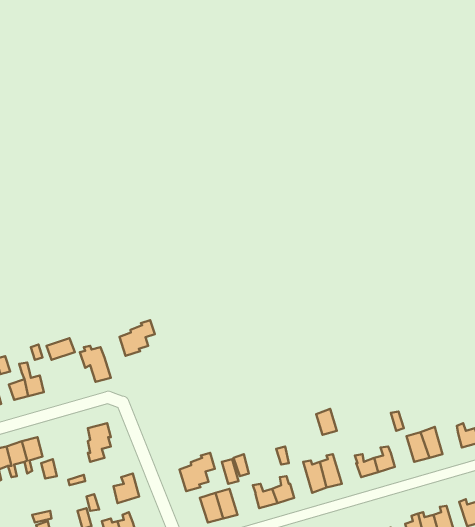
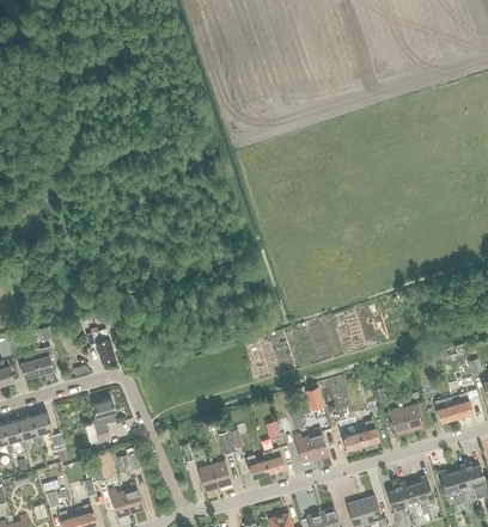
building: [119,320,155,356] -> none
building: [180,453,215,491] -> none

